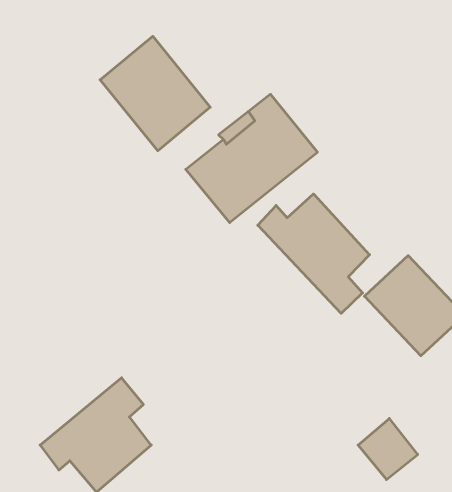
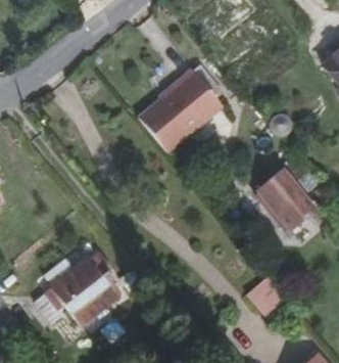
building: [100,36,210,151] -> none
building: [258,194,370,313] -> none

